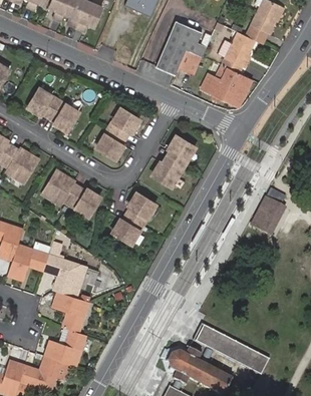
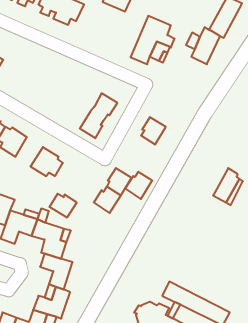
building: [204,66,252,104] -> none
building: [27,88,79,131] -> none
building: [152,156,184,187] -> [125,172,152,199]
building: [69,187,100,215] -> [49,194,77,217]

